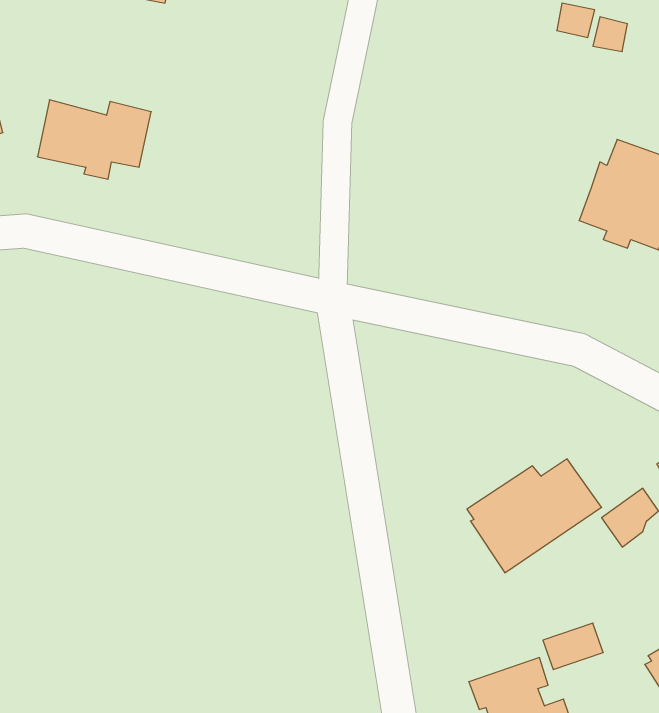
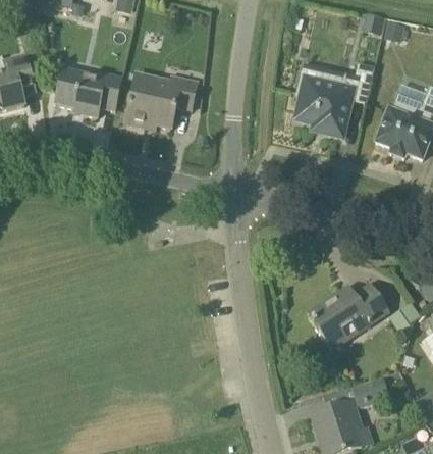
building: none -> [296,63,375,137]
building: none -> [125,71,199,129]

